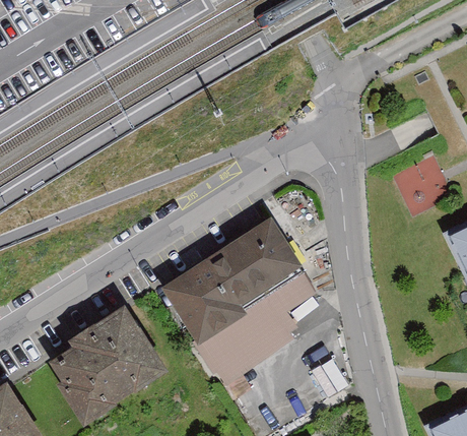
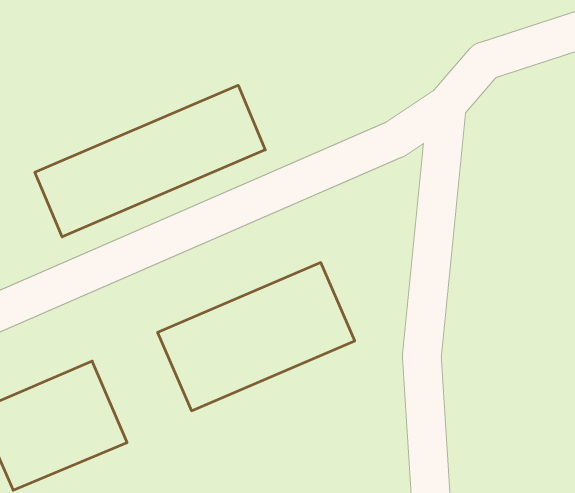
building: none -> [35,85,265,237]

